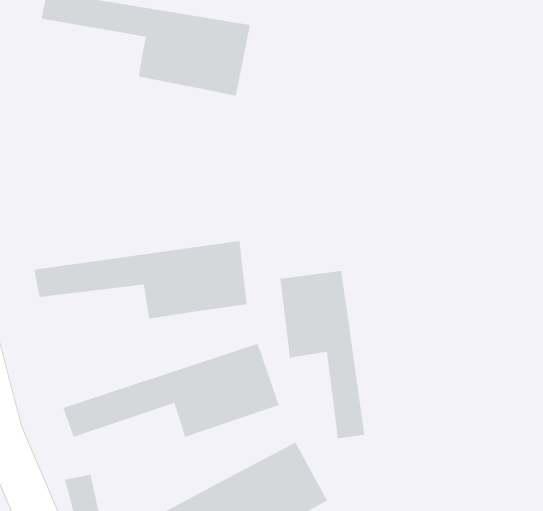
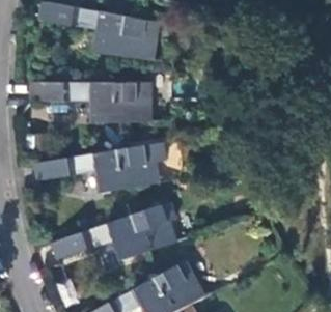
building: none -> [30,82,153,122]
building: [279,270,365,439] -> none

